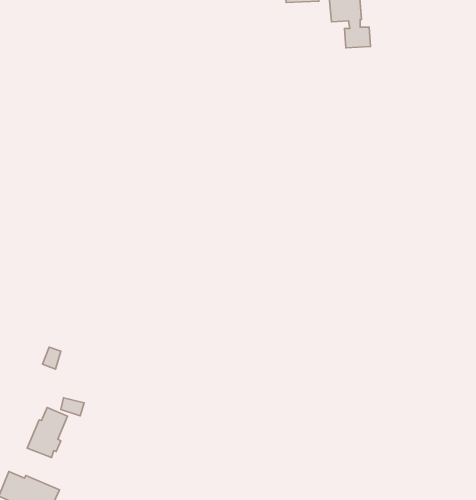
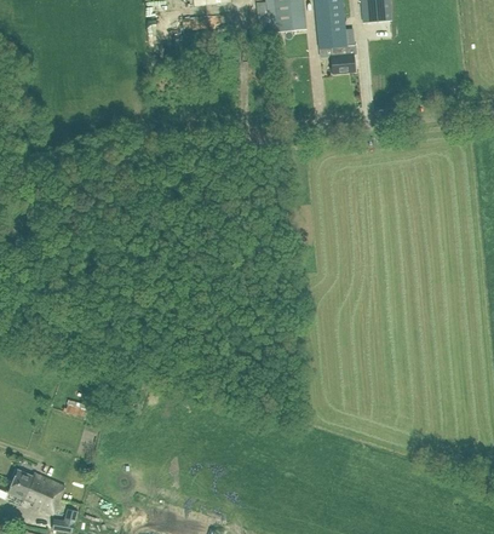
building: [27,408,67,457] -> none

